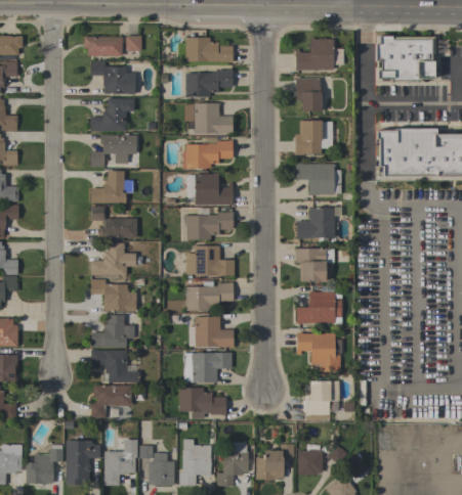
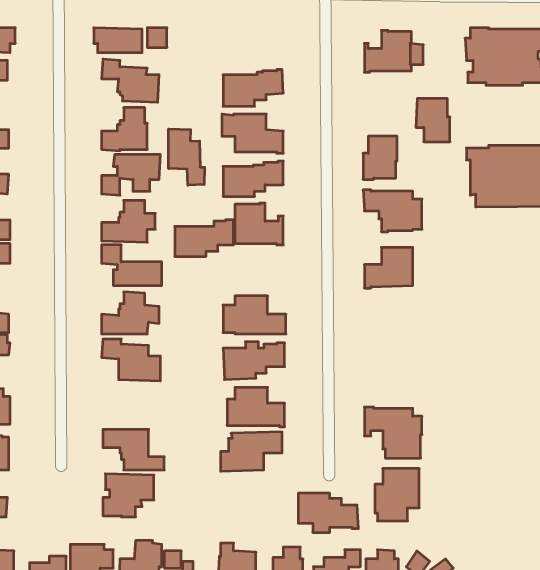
building: [184,38,233,64] -> none
building: [295,78,322,111] -> [416,99,450,142]
building: none -> [169,129,205,185]
building: [186,211,233,239] -> [175,220,234,256]
building: [295,249,334,281] -> none
building: [296,291,341,324] -> none
building: [91,315,134,347] -> none
building: [179,388,226,418] -> [298,493,358,532]

